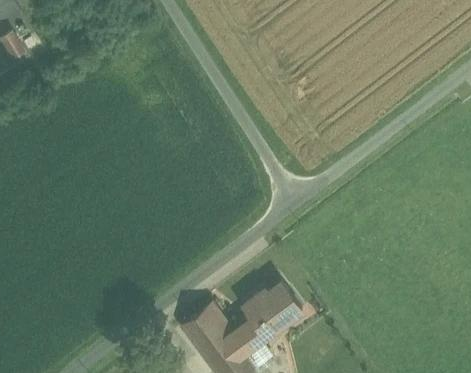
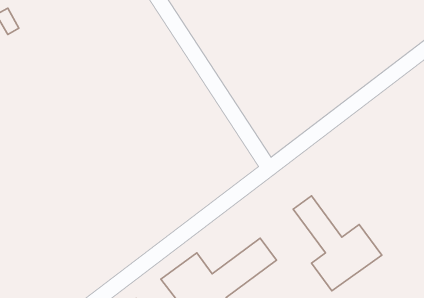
building: none -> [293,196,382,291]

